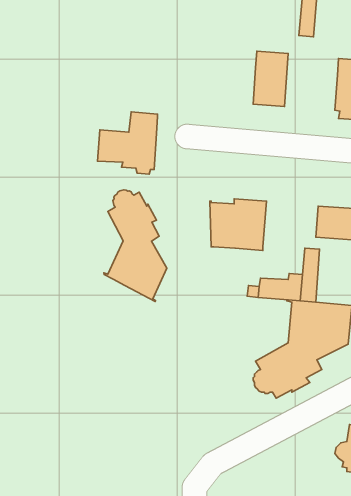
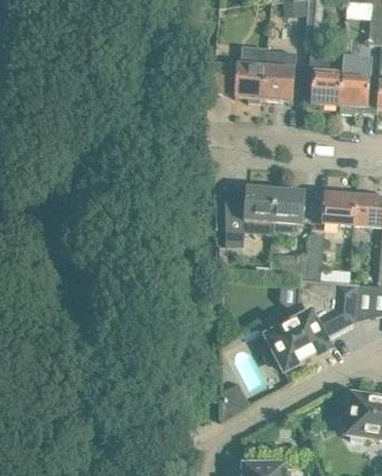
building: none -> [308,53,342,103]
building: [98,112,158,174] -> [211,44,267,102]
building: [104,190,167,301] -> none
building: none -> [272,188,304,232]

